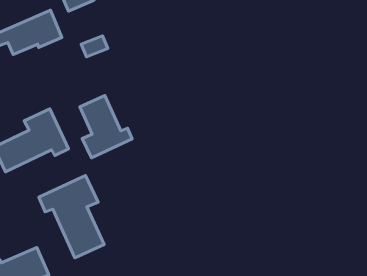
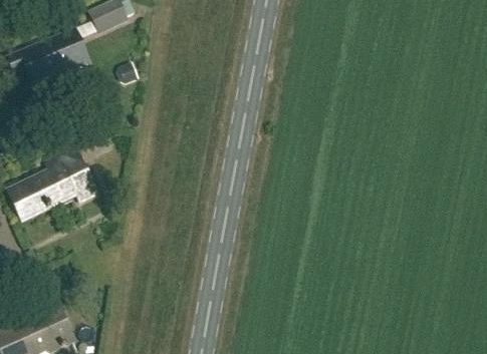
building: [80,95,132,158] -> none
building: [39,175,104,258] -> none

